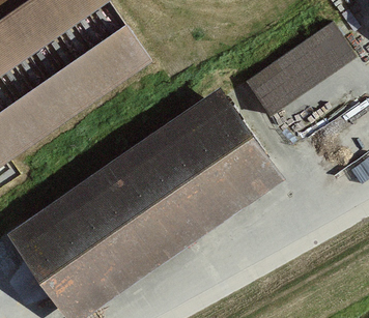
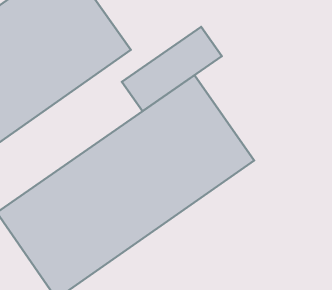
building: [248,24,353,113] -> [122,27,222,111]

